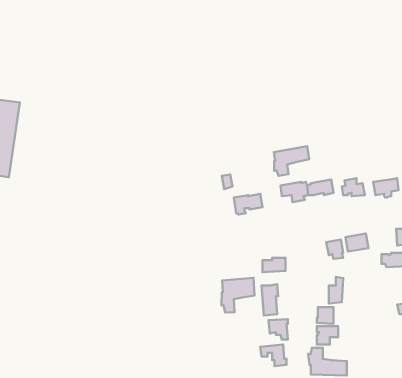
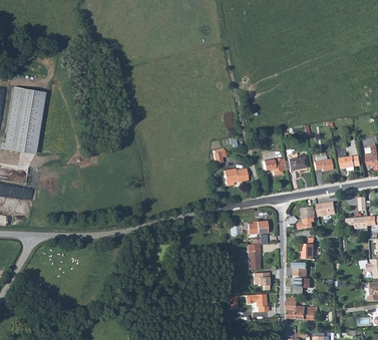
building: [274,146,309,176] -> none
building: [222,278,255,313] -> none

